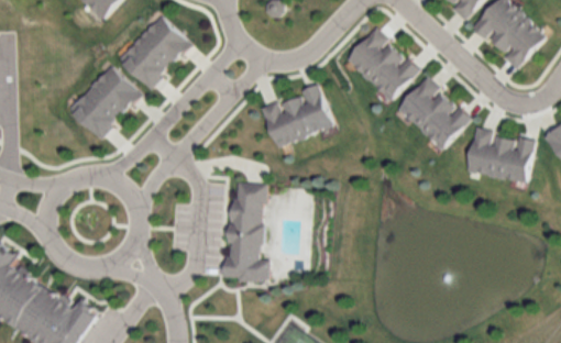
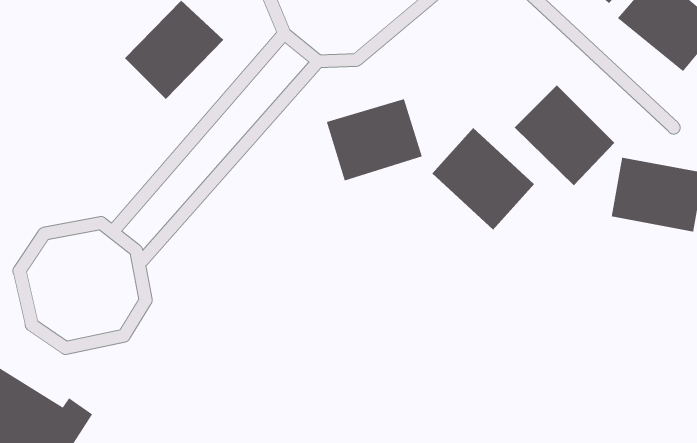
building: [345,27,419,101] -> [432,127,535,230]
building: [68,66,141,139] -> none
building: [228,182,267,281] -> none

